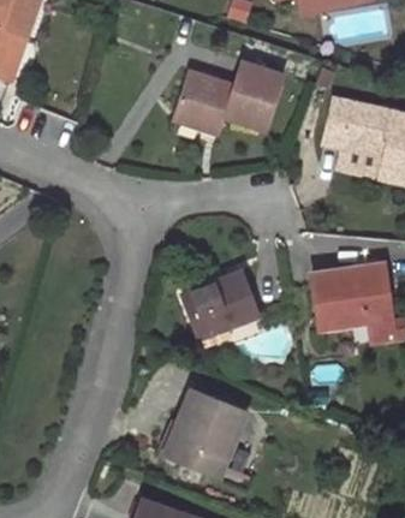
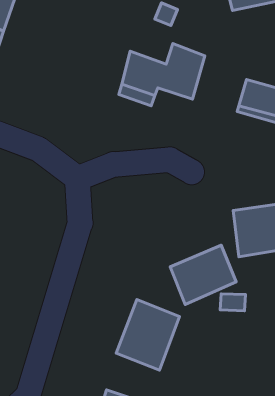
building: [180,264,264,340] -> [170,245,236,305]

